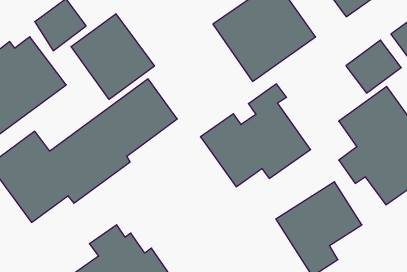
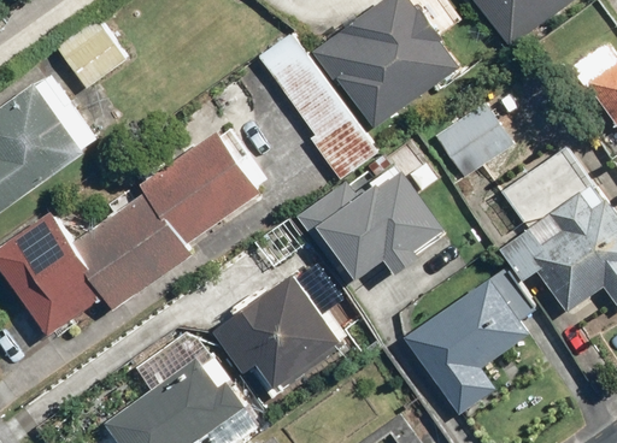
building: [71,14,154,99] -> none
building: none -> [266,42,375,182]
building: [346,40,401,93] -> [431,101,512,178]
building: none -> [205,268,345,398]

